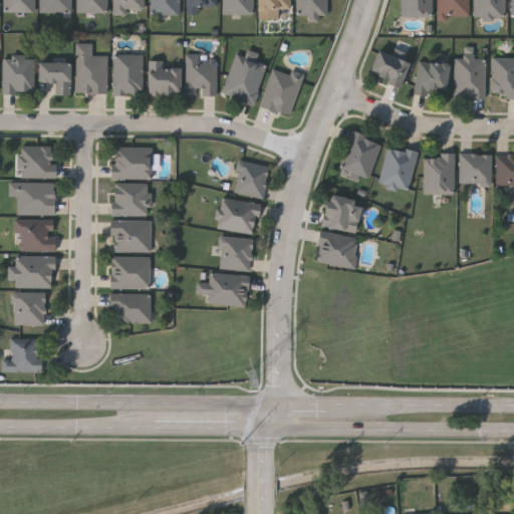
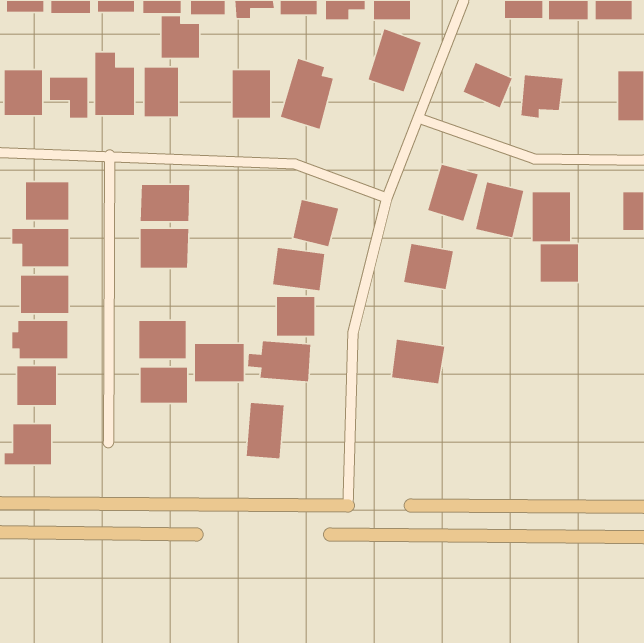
building: [455,56,485,97] -> none
building: [149,60,180,94] -> [161,16,200,59]
building: [260,65,303,116] -> [367,28,422,93]
building: [460,154,491,185] -> [540,243,579,283]
building: [110,220,151,251] -> [194,343,244,382]
building: [315,231,358,267] -> [391,339,445,384]
building: none -> [246,402,284,459]

